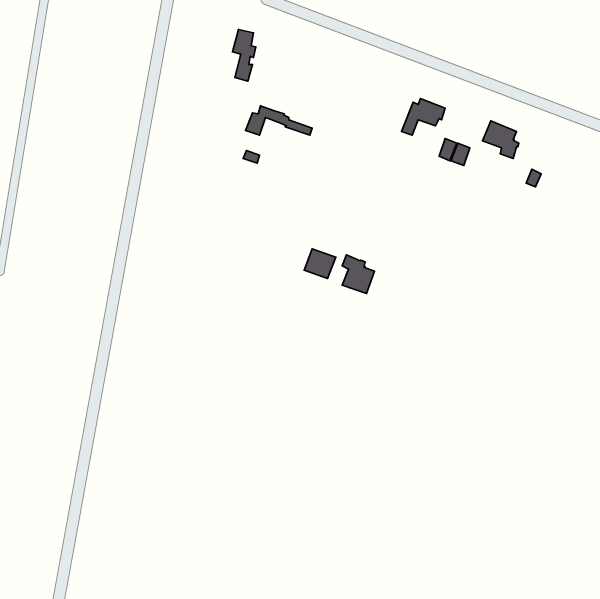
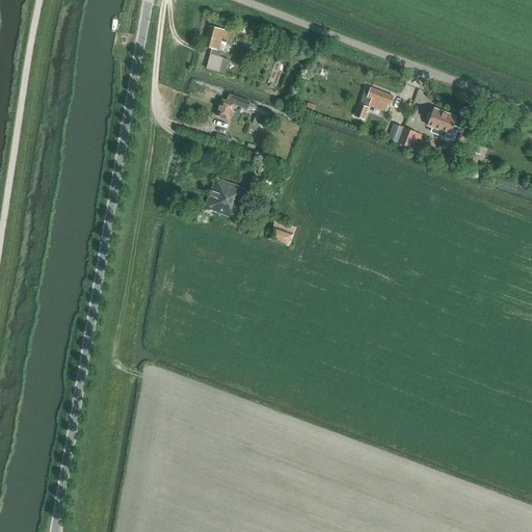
building: none -> [206,178,245,218]
building: [342,255,375,294] -> none

